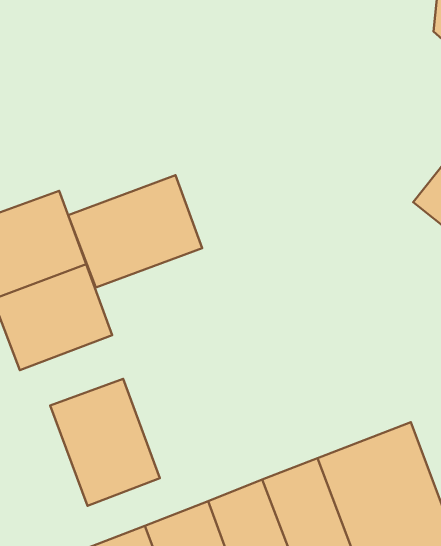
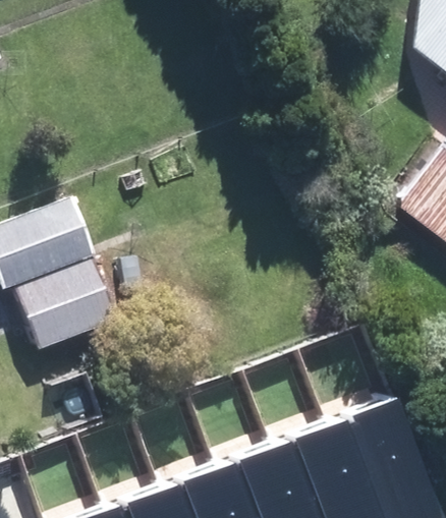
building: [68,175,202,288] -> none
building: [50,379,160,506] -> none

